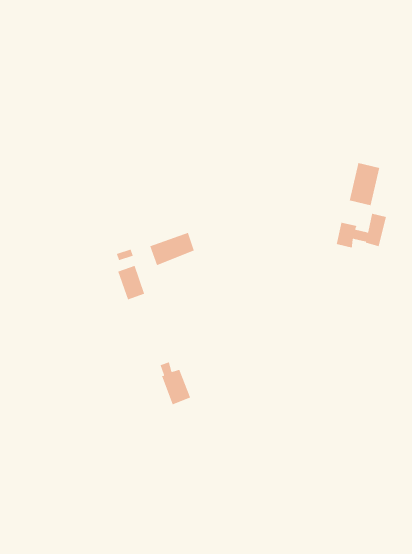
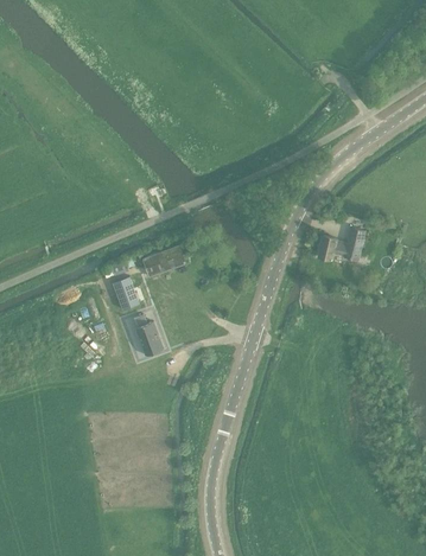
building: [349,162,380,206] -> none
building: [159,361,191,406] -> [133,313,163,354]

